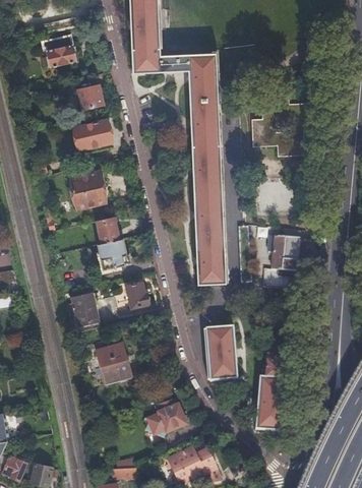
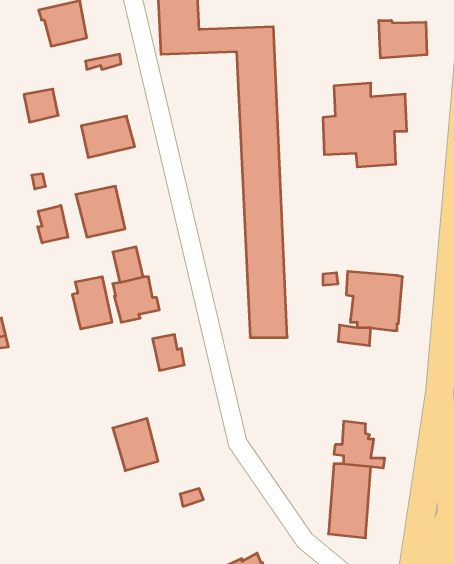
building: none -> [379,20,427,58]
building: [77,85,103,110] -> [24,89,58,122]
building: none -> [38,205,68,243]
building: [69,294,99,332] -> [72,277,112,329]
building: [204,327,236,381] -> none
building: [158,406,186,434] -> none

